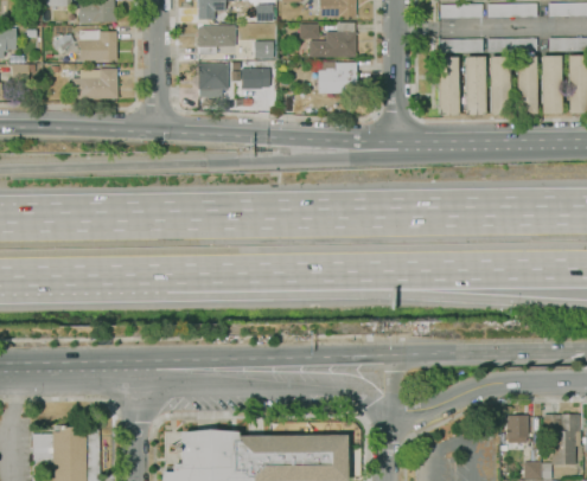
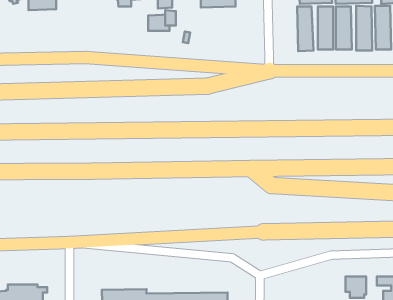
building: [319,60,358,92] -> none
building: [199,63,230,97] -> none
building: [72,68,120,98] -> none

